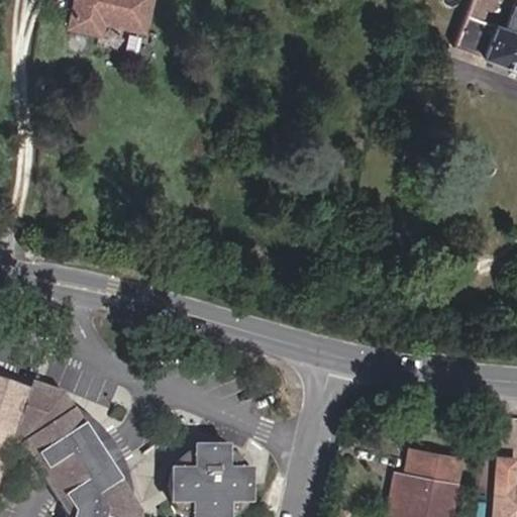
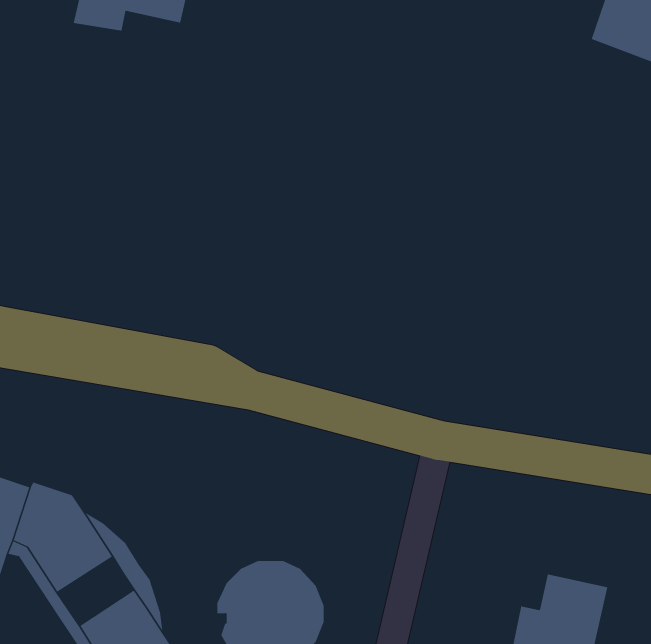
building: [47,439,106,492] -> none

